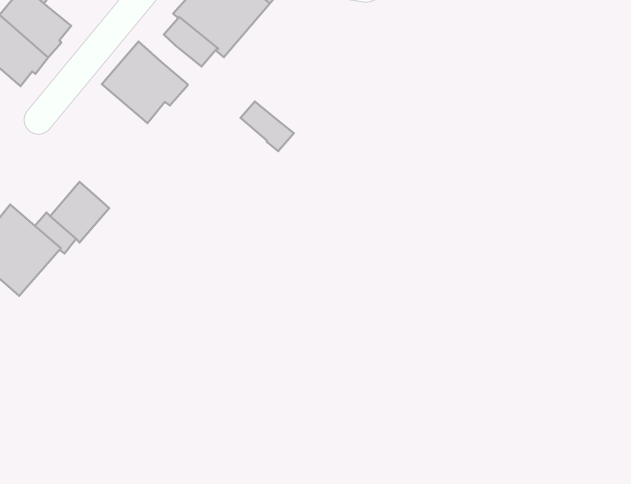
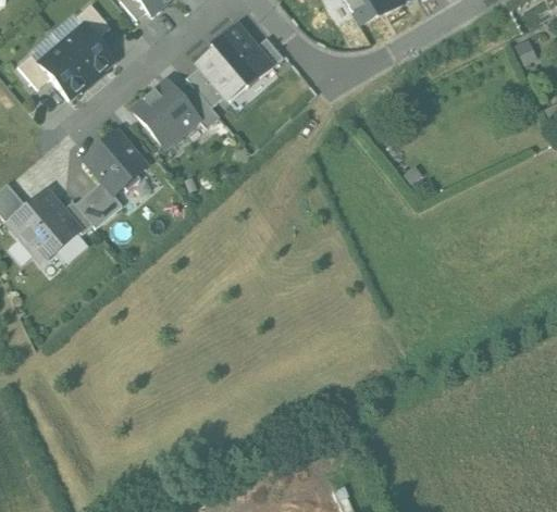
building: [241,102,294,151] -> [180,87,219,128]
building: none -> [83,130,146,193]

